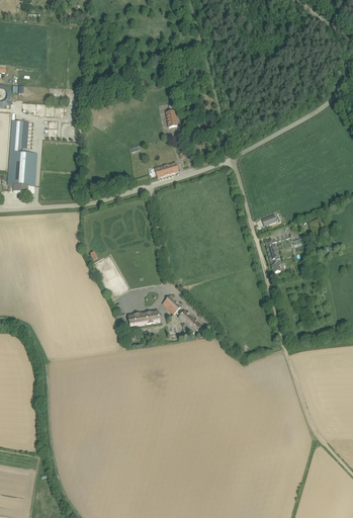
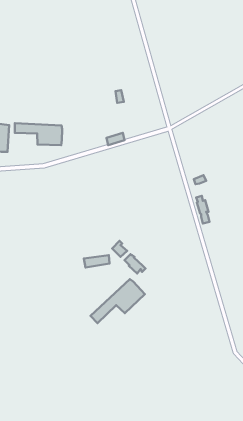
building: none -> [15,123,62,145]
building: none -> [90,279,145,323]

